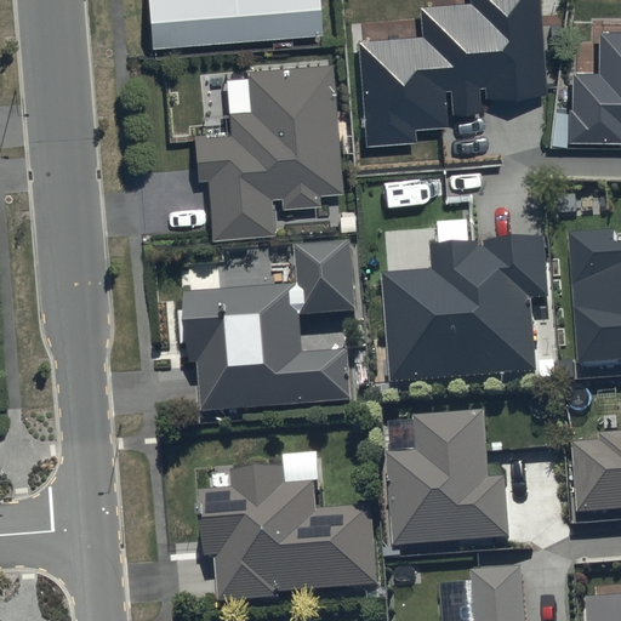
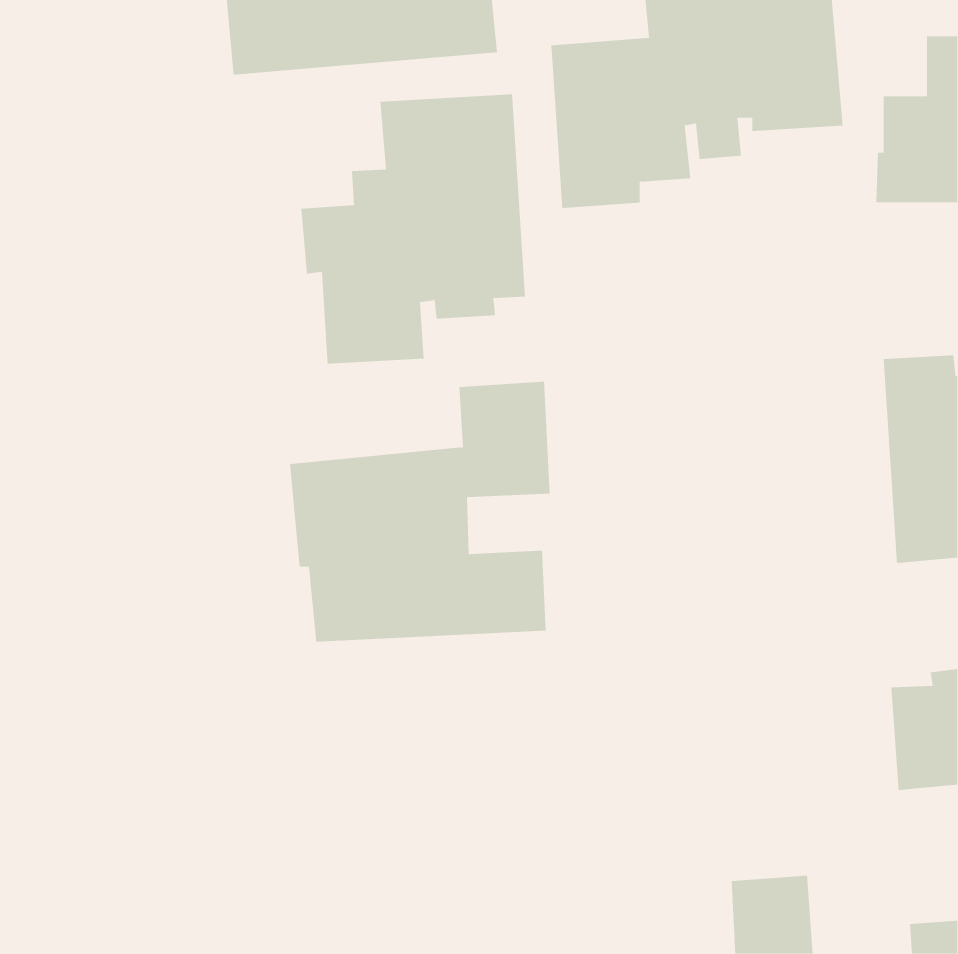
building: [382,235,551,382] -> none
building: [386,410,512,545] -> none
building: [199,474,377,605] -> none

